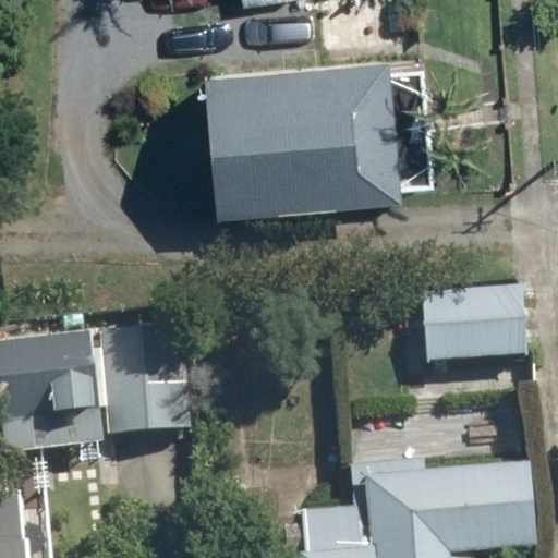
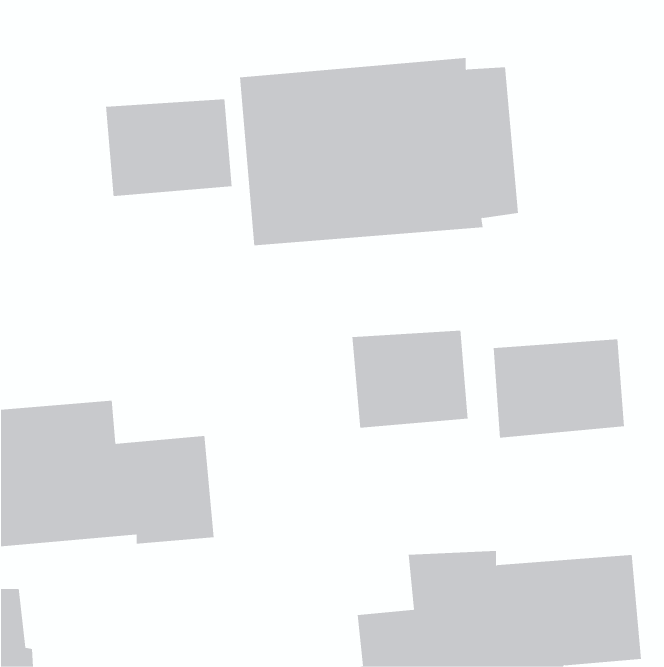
building: none -> [105,98,232,197]
building: none -> [352,330,468,428]

